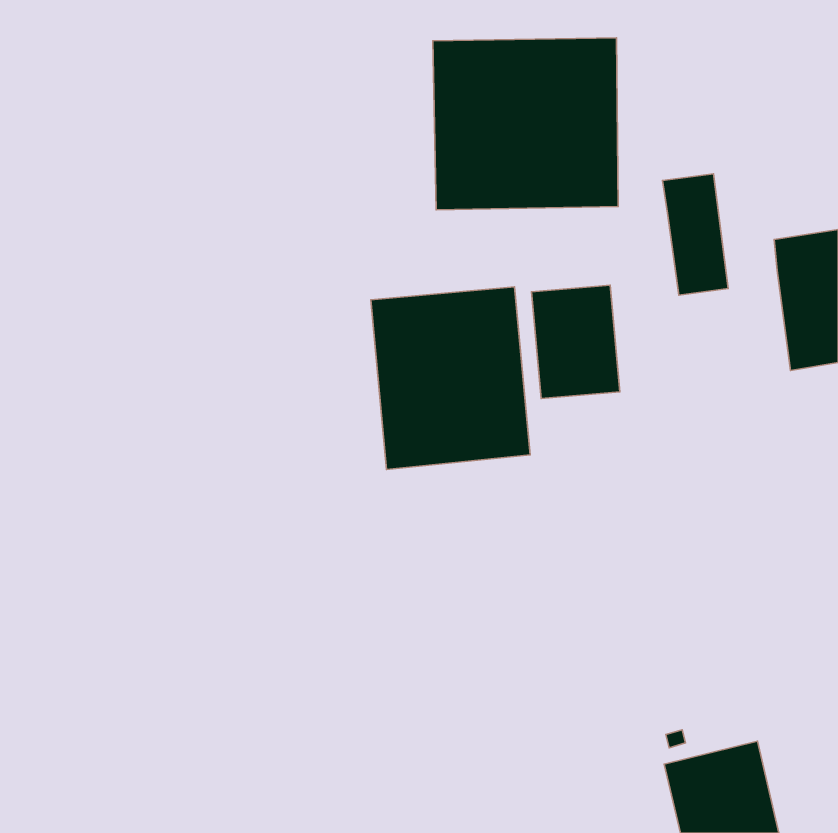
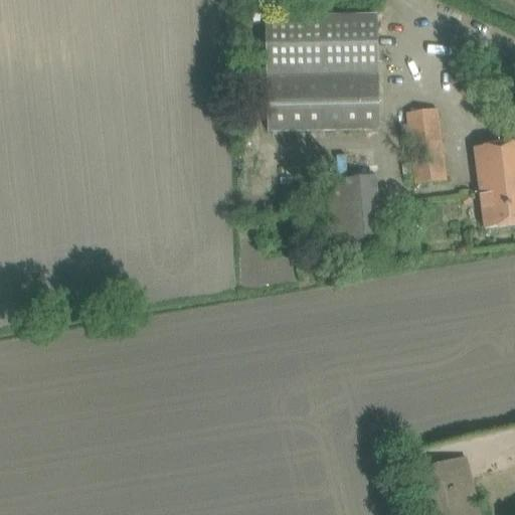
building: [371,287,530,469] -> none

